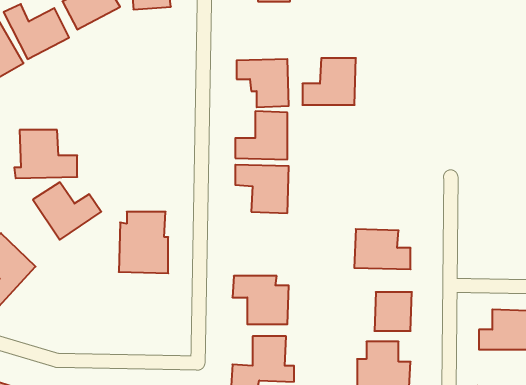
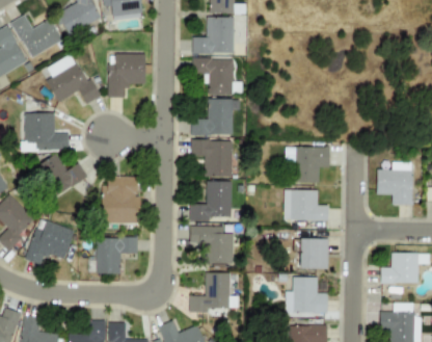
building: none -> [47,53,99,104]
building: none -> [108,54,145,98]
building: [302,58,356,105] -> [193,18,235,54]
building: none -> [286,148,330,183]
building: none -> [377,162,413,206]
building: none -> [190,181,233,221]
building: none -> [26,219,75,266]
building: none -> [97,237,137,274]

